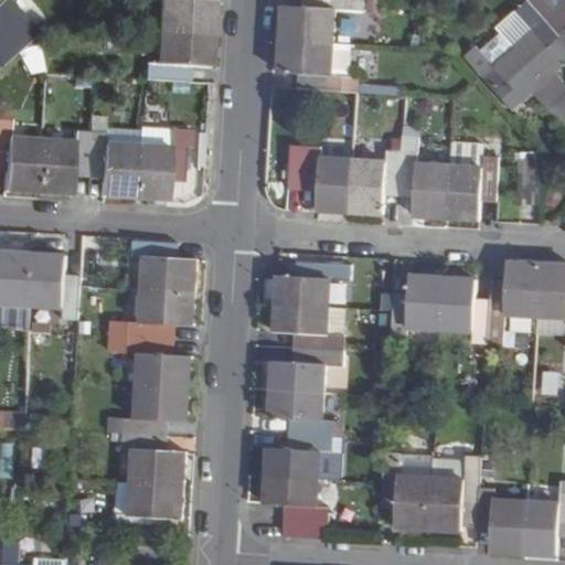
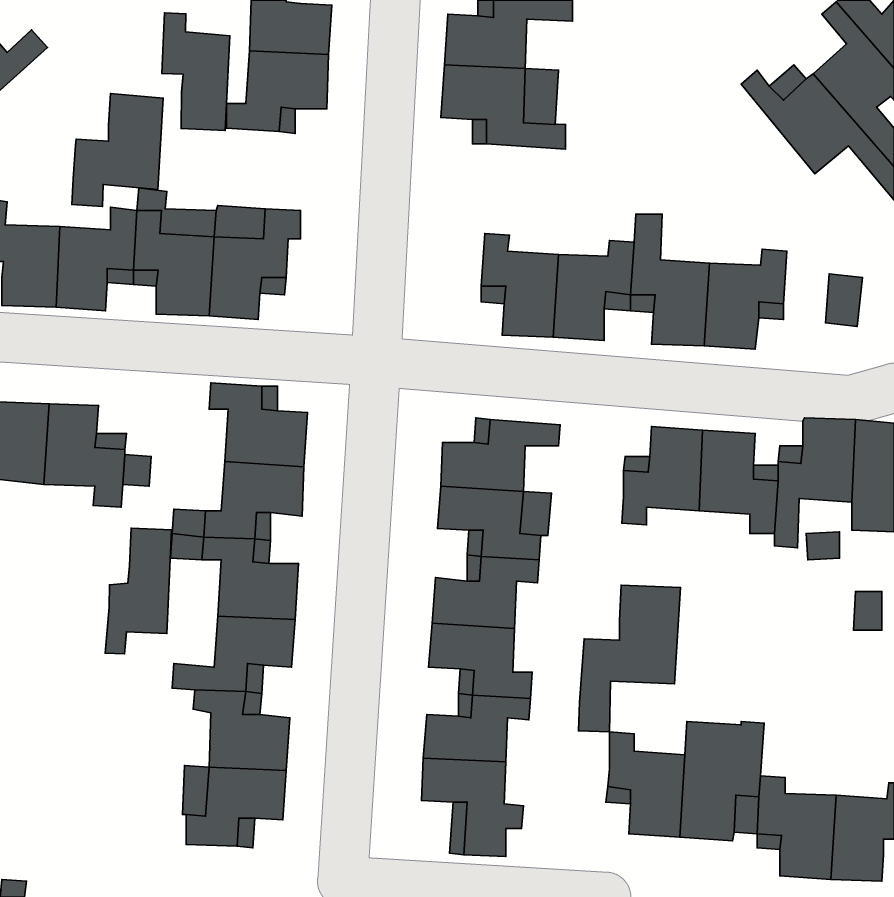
building: none -> [162,13,230,130]
building: none -> [72,94,163,206]
building: none -> [105,528,172,654]
building: none -> [579,585,681,732]

